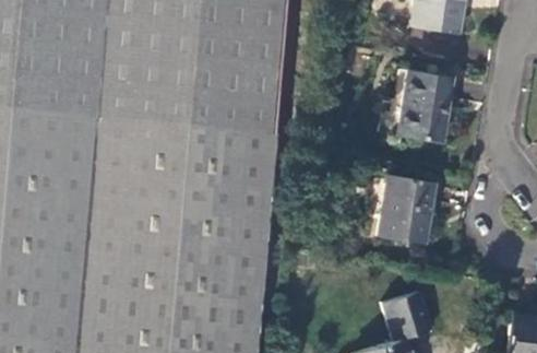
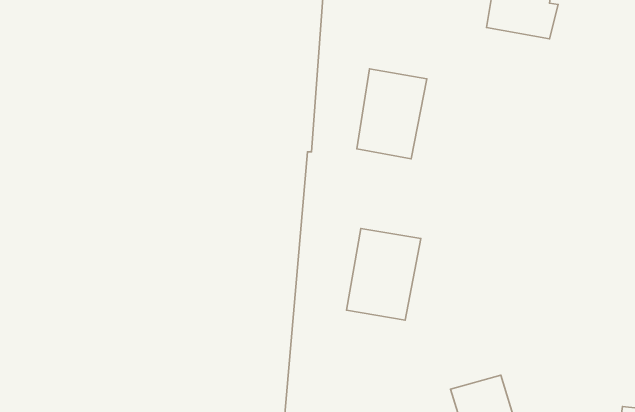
building: [398,70,452,139] -> [357,69,427,159]
building: [378,174,434,244] -> [346,229,421,320]

